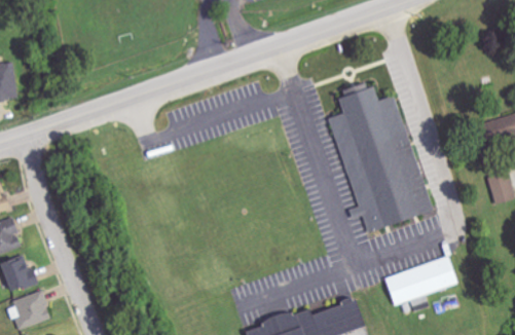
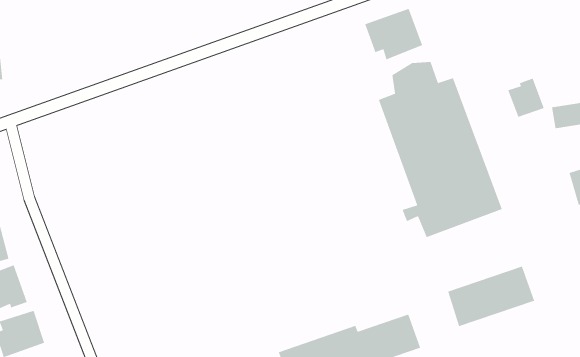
building: none -> [364,8,423,60]
building: none -> [507,77,545,118]

